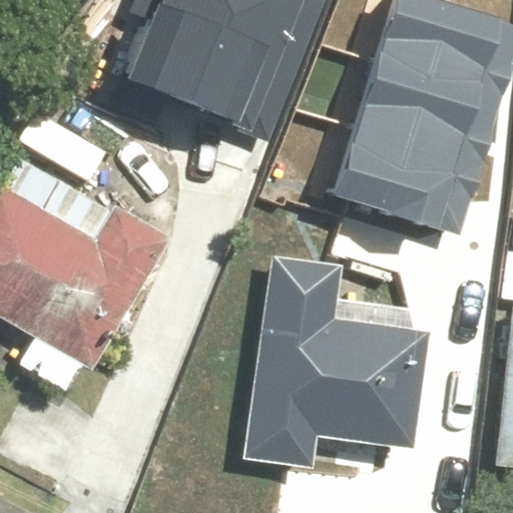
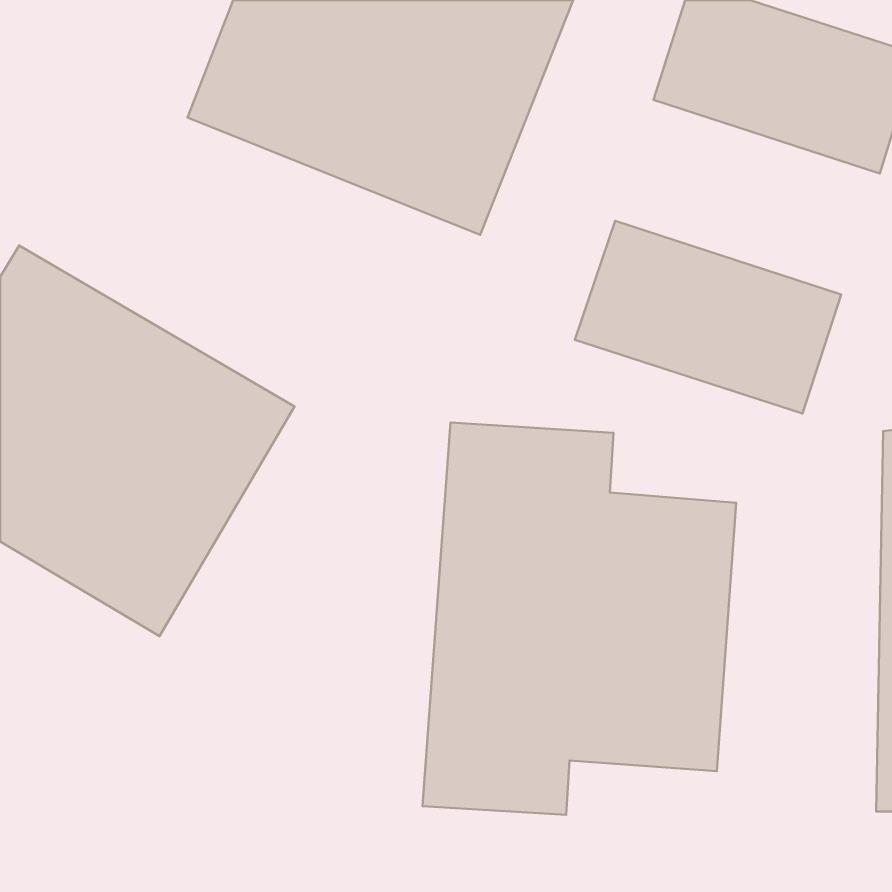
building: [354,59,505,170] -> none

